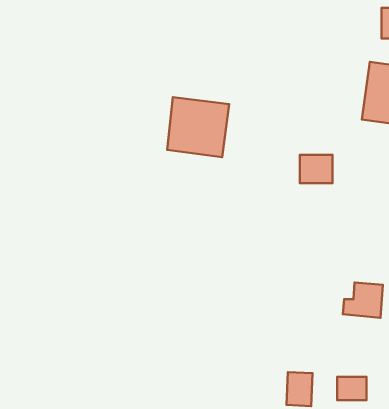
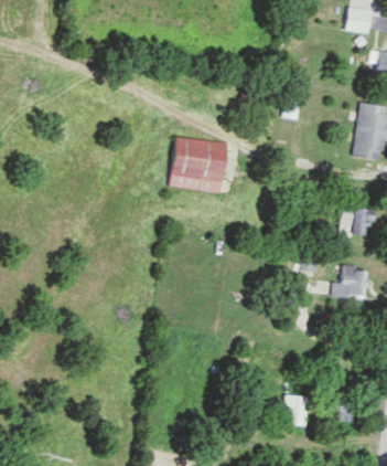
building: [300,155,333,183] -> [341,208,372,234]
building: [343,283,383,318] -> [332,266,369,299]

